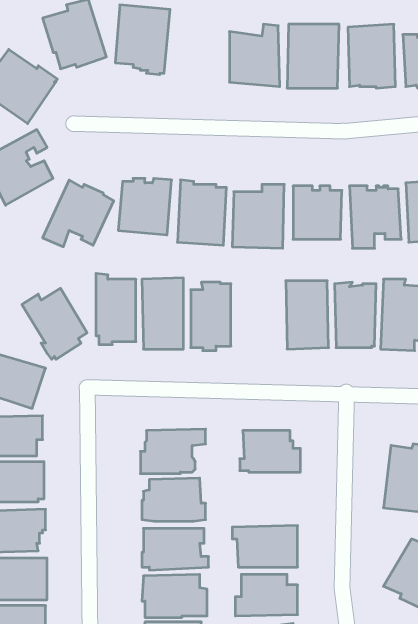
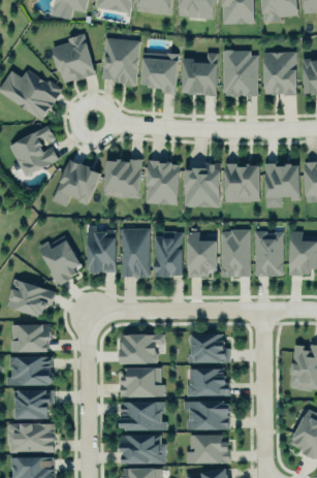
building: none -> [141,53,178,95]
building: none -> [189,232,218,278]
building: none -> [188,368,227,396]

